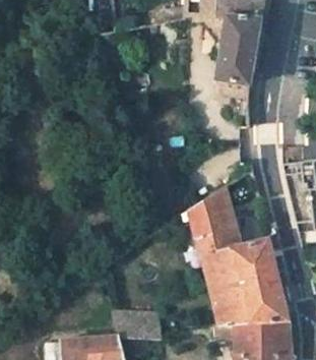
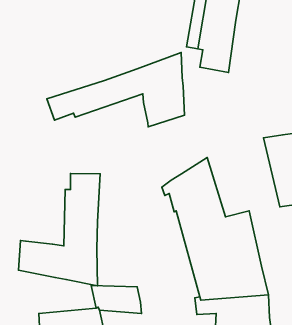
building: none -> [47,53,184,127]
building: none -> [19,174,100,286]

